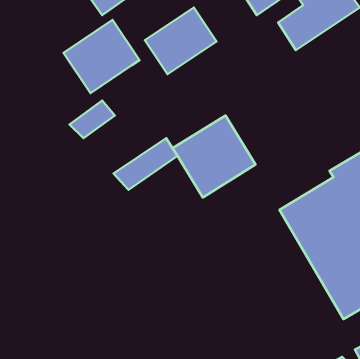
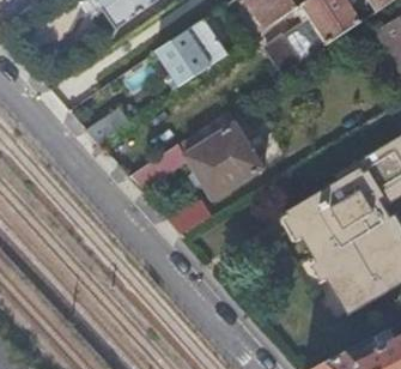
building: [63,20,140,93] -> none

